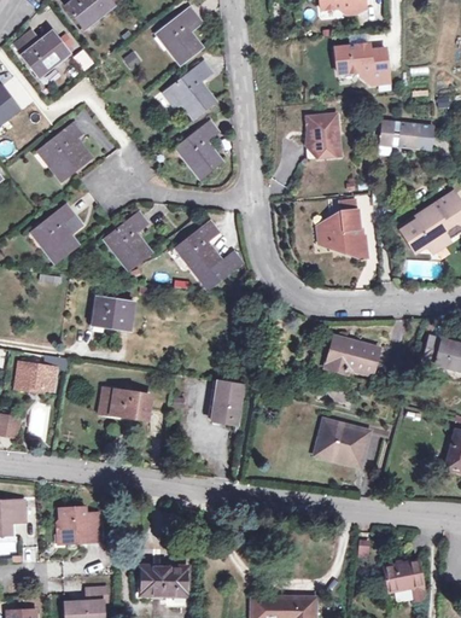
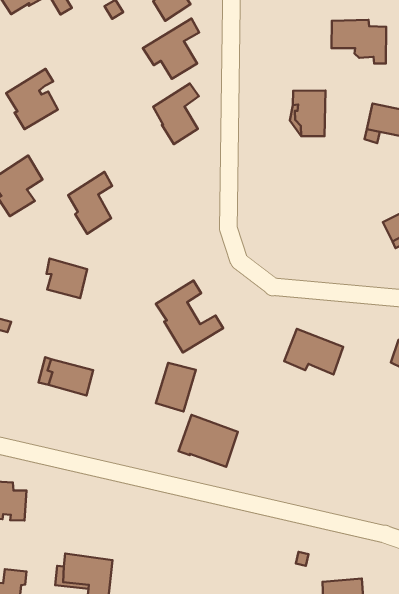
building: [317,197,367,256] -> none
building: [177,220,243,287] -> [156,281,223,352]
building: [315,420,368,465] -> [178,415,238,467]

